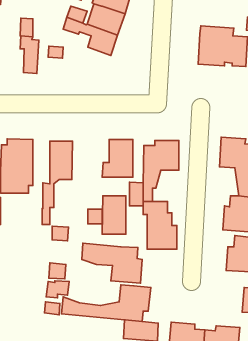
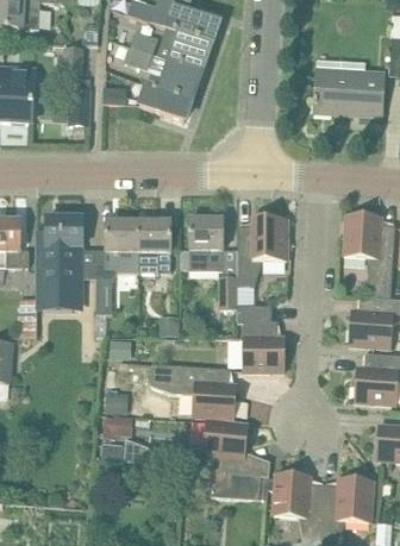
building: none -> [139,83,192,120]
building: [102,196,126,234] -> [137,220,170,274]

